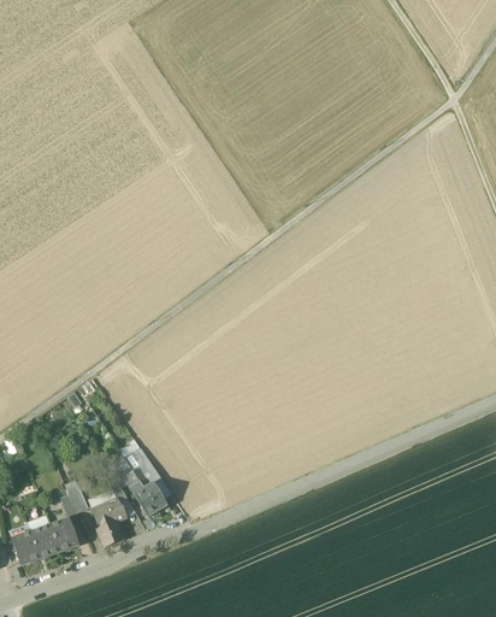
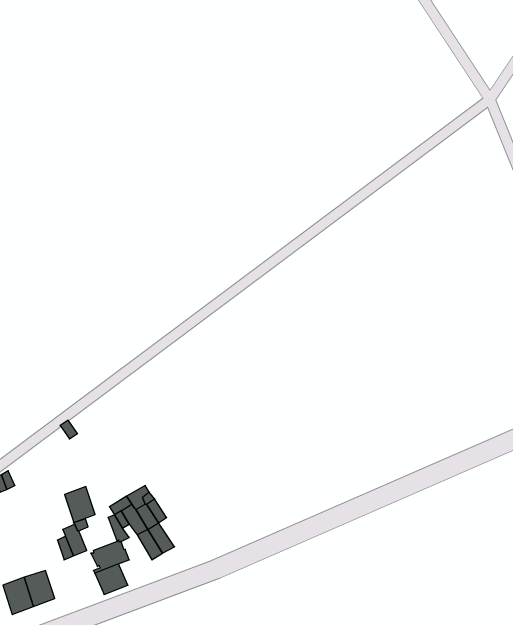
building: [52,517,79,550] -> [65,487,95,523]

